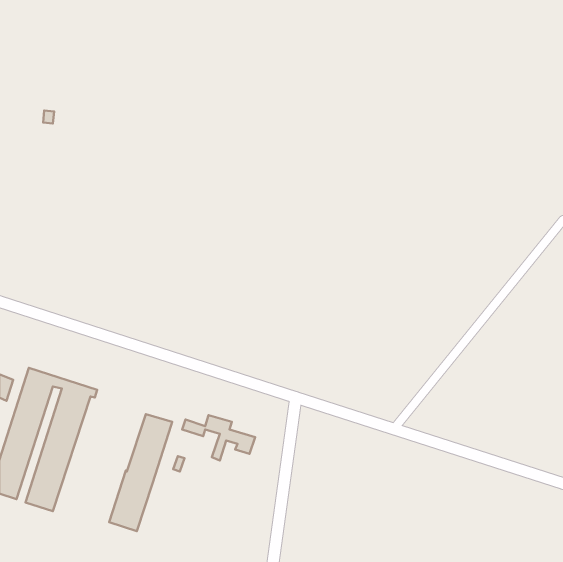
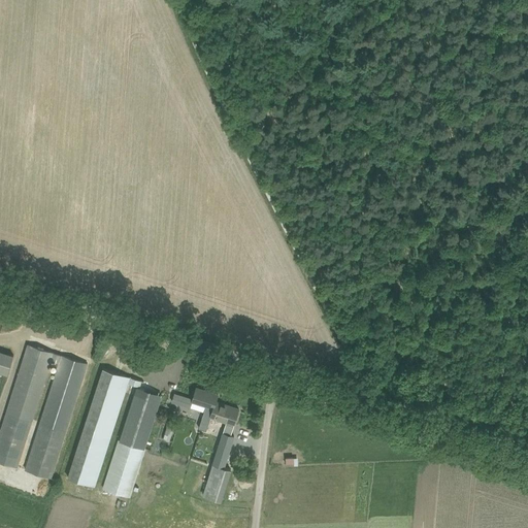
building: none -> [68,370,136,486]
building: none -> [202,424,233,502]

